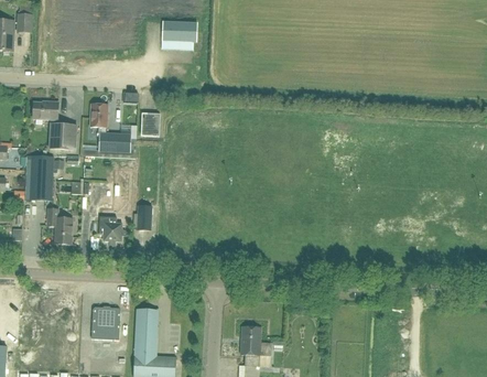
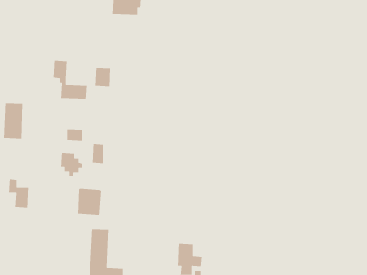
building: [33,101,76,150] -> none
building: [46,208,72,245] -> [8,179,29,208]
building: [90,306,120,341] -> [77,188,102,216]

